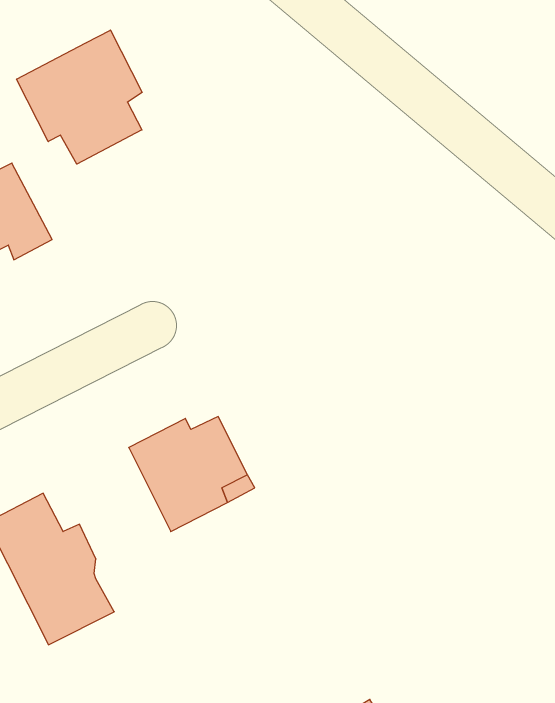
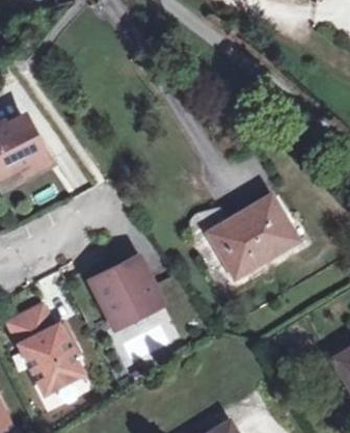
building: [17,30,142,164] -> none
building: none -> [196,195,297,278]

